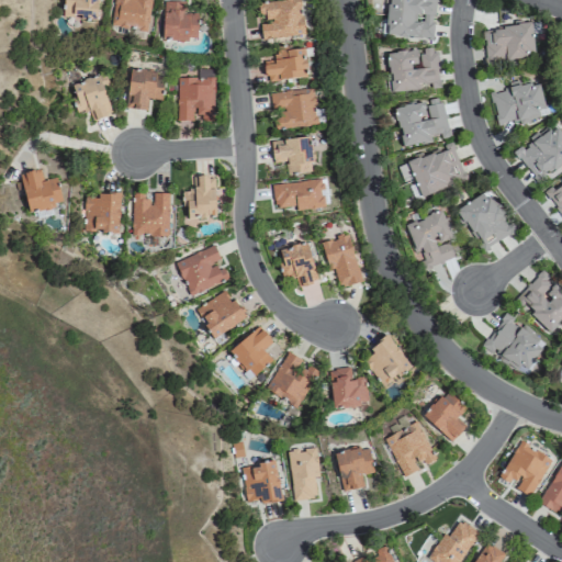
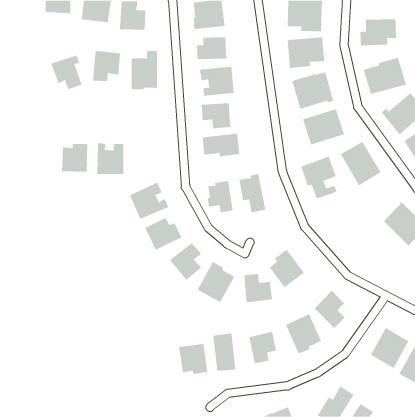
building: [23,171,63,210] -> none
building: [182,176,217,220] -> none
building: [486,312,547,372] -> none

